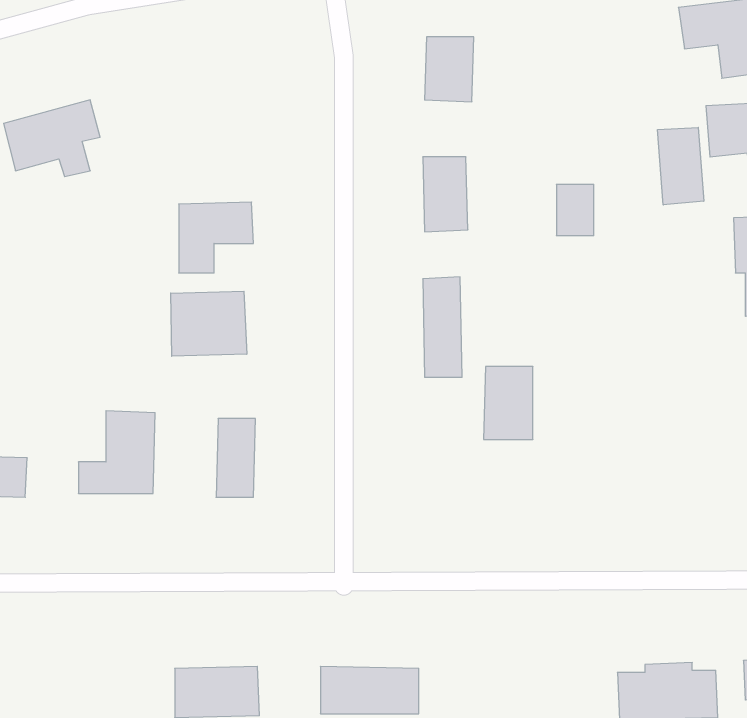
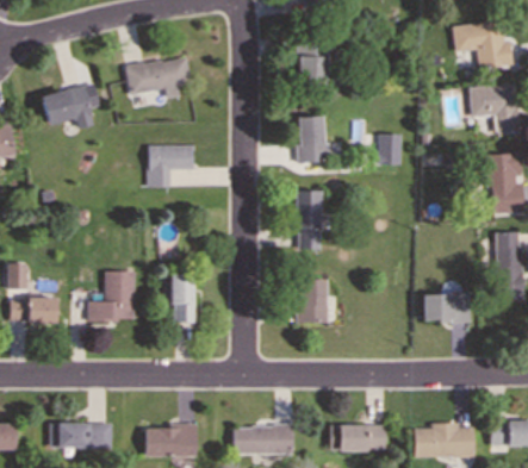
building: none -> [126,56,192,99]
building: [658,127,704,205] -> none
building: [171,291,247,356] -> none
building: [484,367,533,439] -> [297,279,327,323]
building: none -> [423,293,468,323]
building: none -> [60,423,113,448]
building: none -> [340,425,387,451]

